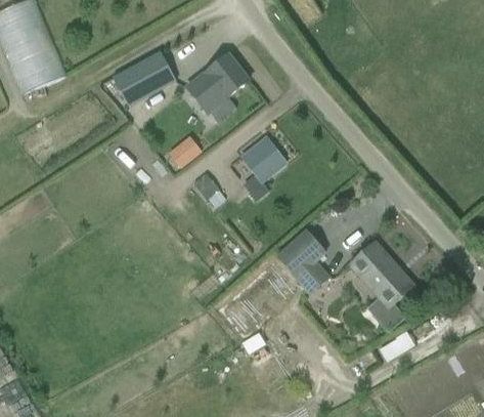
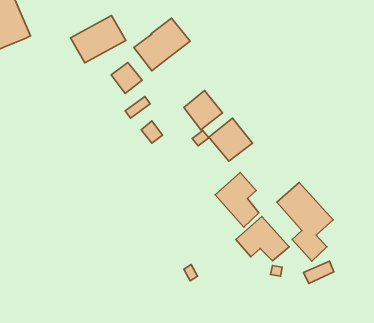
building: none -> [111,62,142,93]
building: none -> [209,118,252,161]
building: none -> [236,216,289,261]

